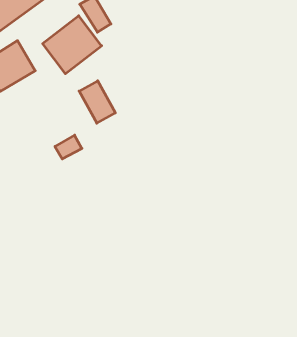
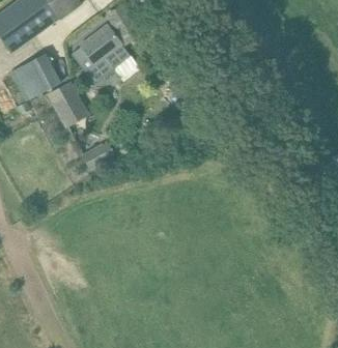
building: [79,81,115,123] -> [51,83,87,125]

